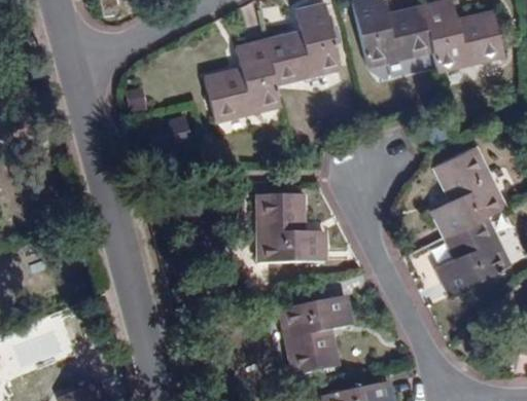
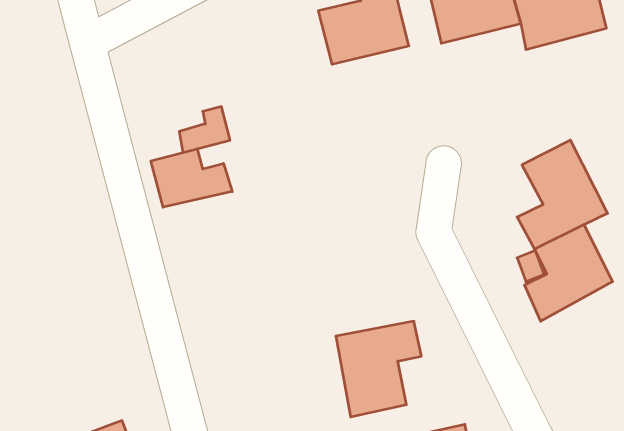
building: [205,39,282,121] -> none
building: none -> [151,149,232,207]
building: [256,194,325,262] -> none

